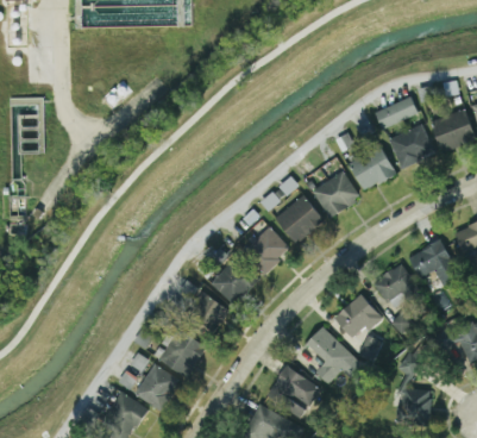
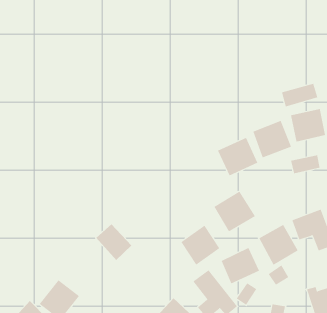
building: none -> [290,155,320,174]
building: [275,195,325,244] -> [213,191,256,232]
building: [244,226,290,274] -> [180,225,220,265]
building: [211,256,261,306] -> none
building: [158,328,207,378] -> none

